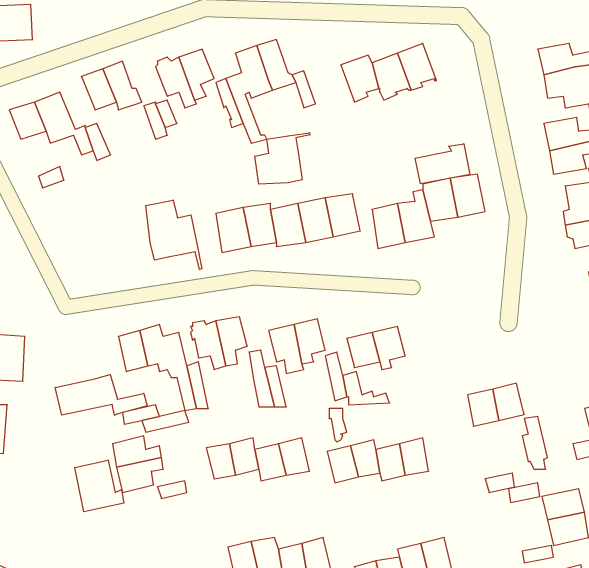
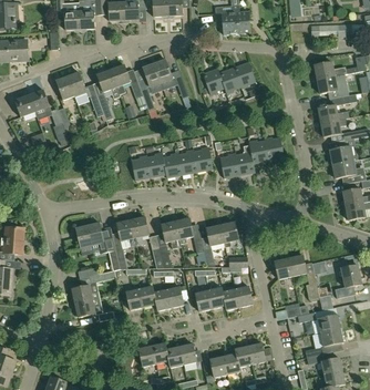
building: [255,133,310,184] -> none
building: [415,144,470,184] -> none
building: [146,200,202,270] -> none
building: [55,375,147,415] -> none
building: [75,460,124,512] -> none

